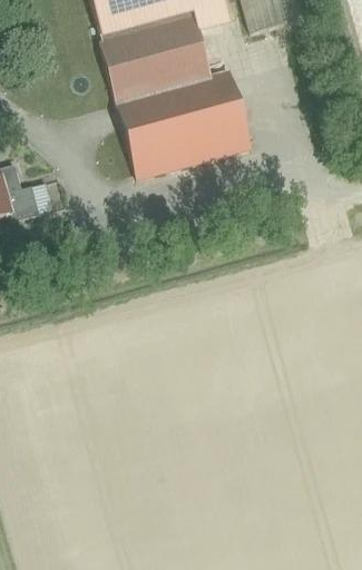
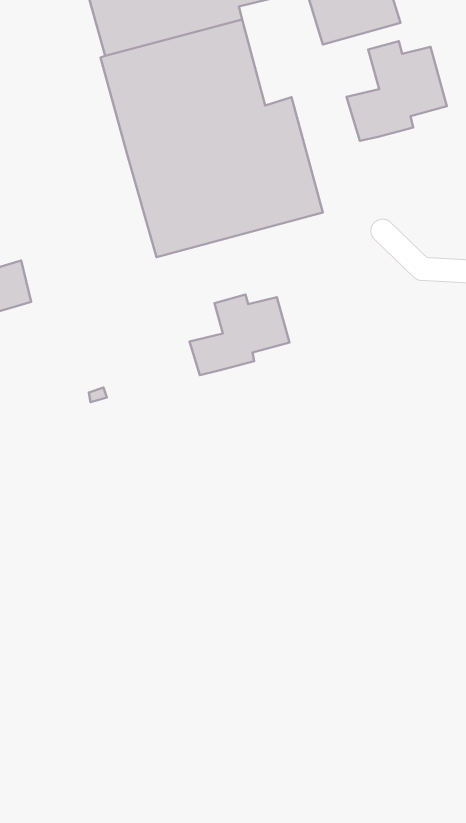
building: none -> [346,41,447,141]
building: none -> [190,295,289,375]

